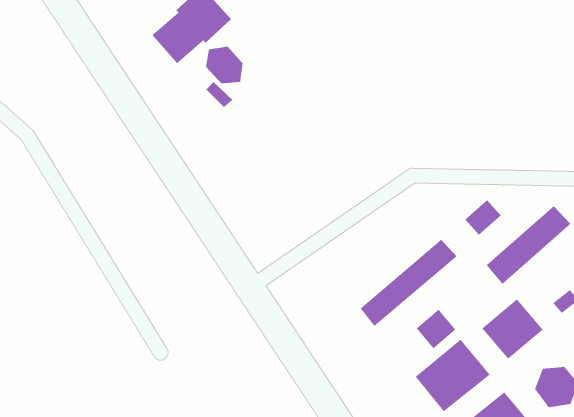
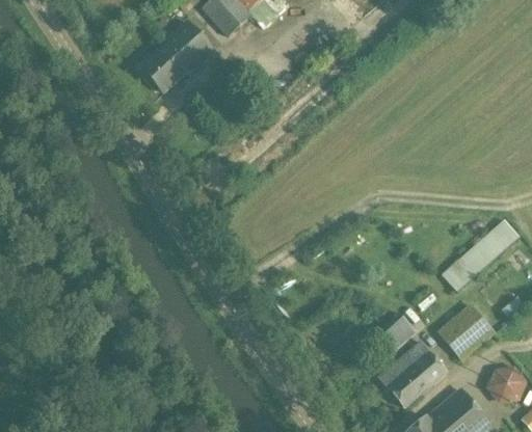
building: [205,46,243,84] -> none
building: [464,199,502,236] -> none
building: [360,239,458,327] -> none

